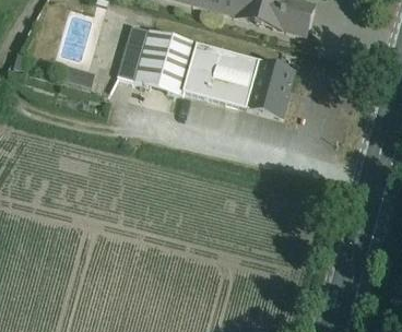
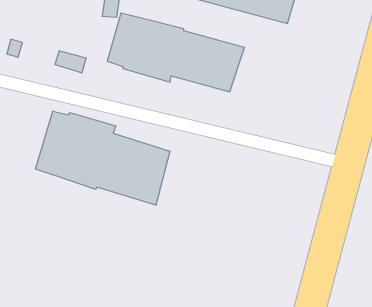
building: [246,60,295,116] -> none
building: none -> [36,111,170,205]

